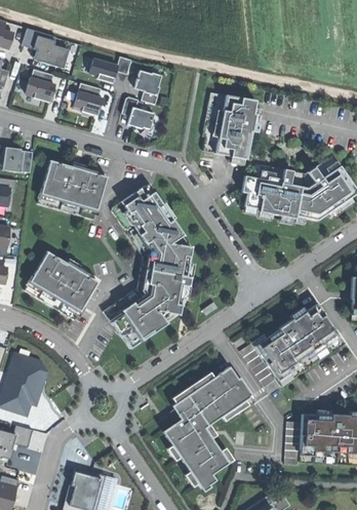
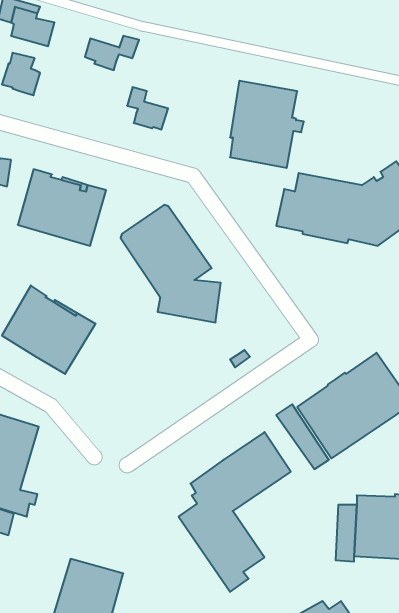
building: [133,72,161,104] -> none
building: [74,83,102,116] -> none
building: [108,271,195,350] -> none

